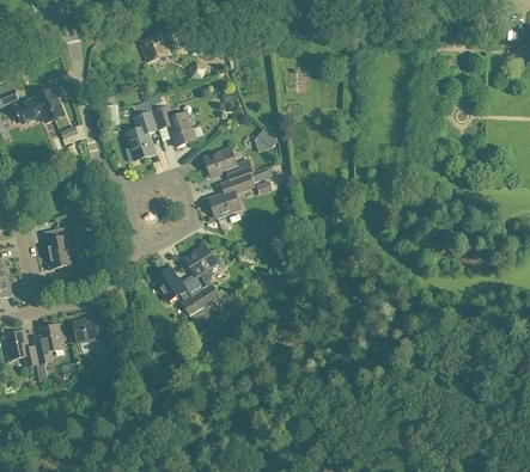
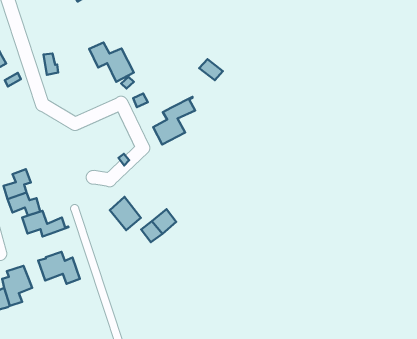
building: [124,110,156,159] -> none
building: [202,147,251,179] -> none
building: [183,245,215,281] -> none
building: none -> [22,211,69,236]

